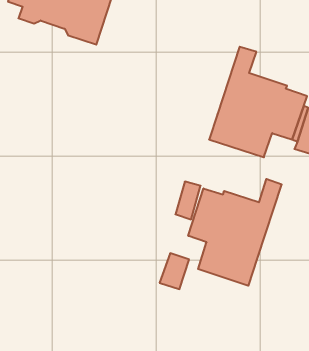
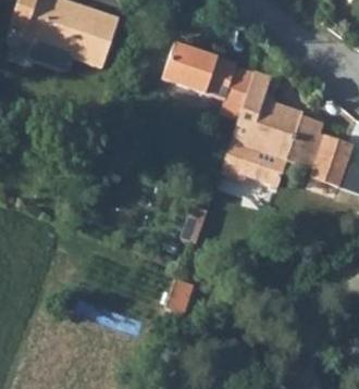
building: none -> [161,40,252,115]
building: [188,179,282,286] -> none

